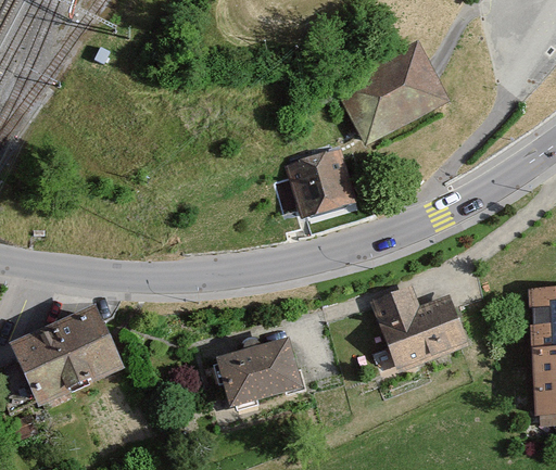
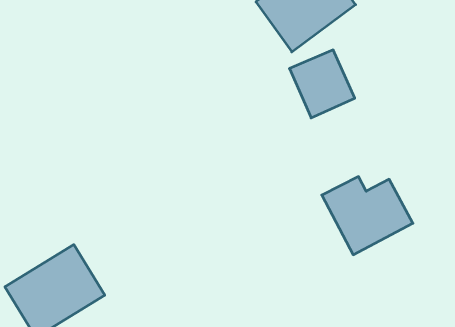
building: [289,149,354,218] -> [289,50,355,118]
building: [218,339,303,407] -> none

